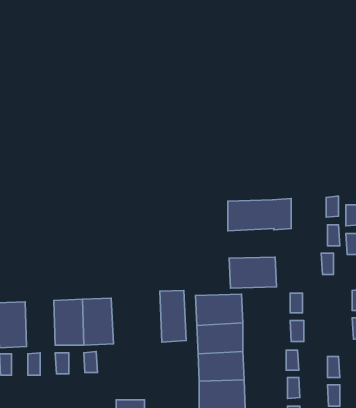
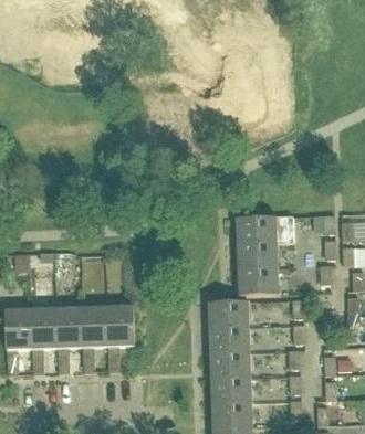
building: none -> [236,242,278,268]
building: [160,291,186,342] -> none
building: none -> [55,306,82,347]

